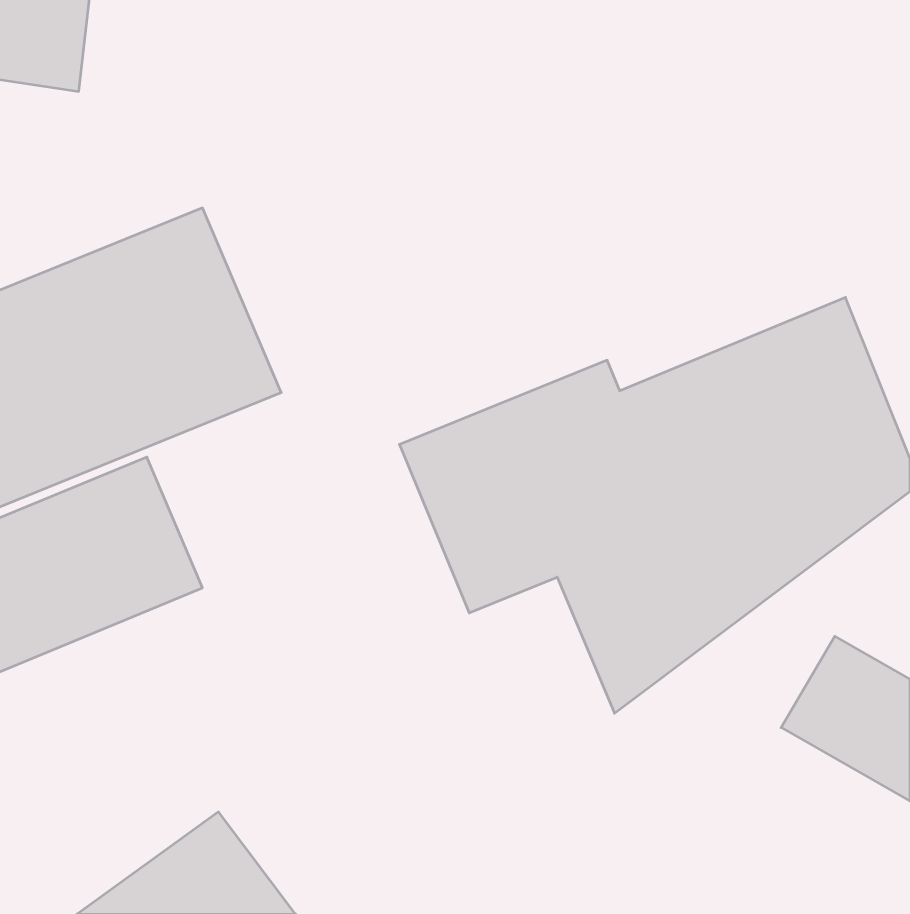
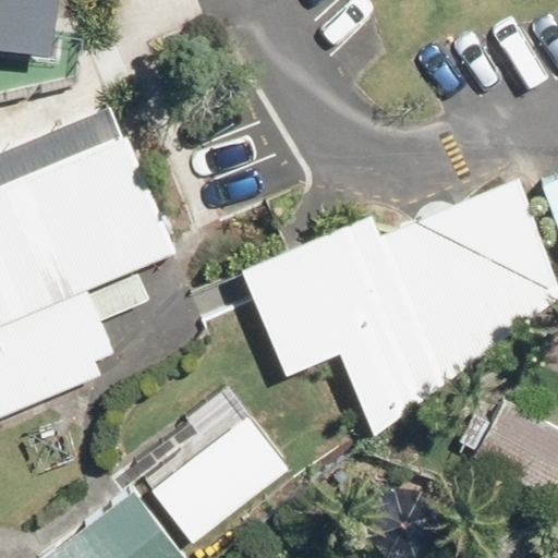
building: none -> [149,417,287,544]

